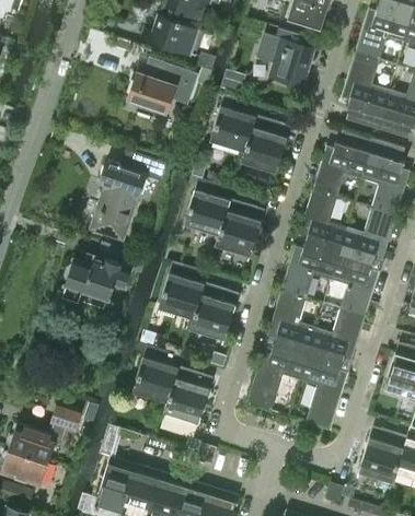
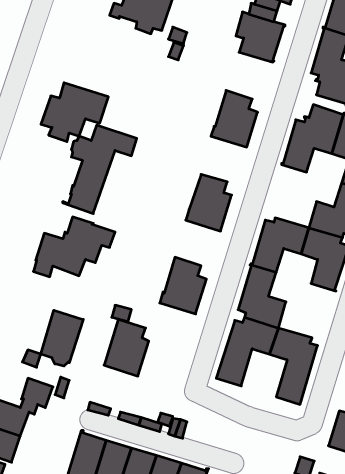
building: [127,59,195,118] -> [41,83,108,142]
building: [209,95,255,152] -> none
building: [184,167,230,235] -> none
building: [298,190,346,254] -> none
building: [158,262,204,319] -> none
building: [308,309,366,364] -> none
building: none -> [41,310,83,366]
building: [163,367,209,424] -> none

